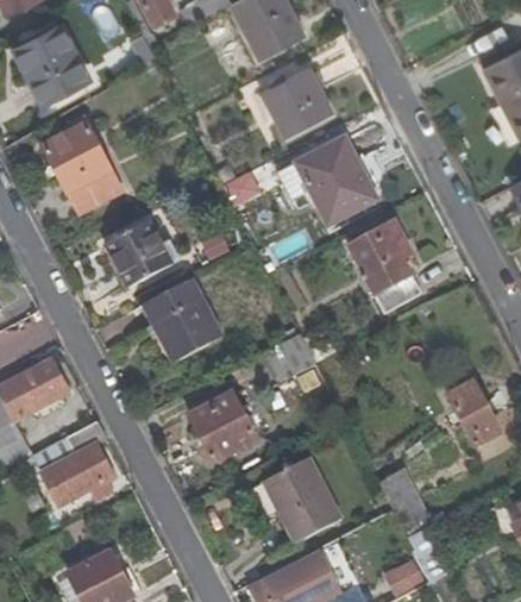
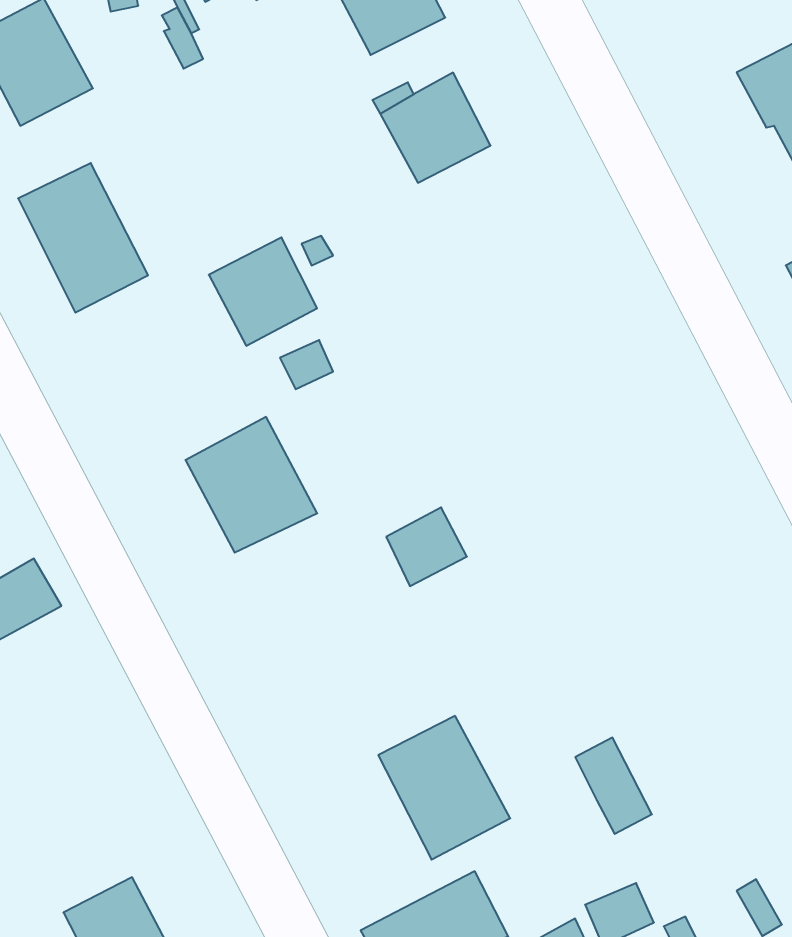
building: [296,137,376,222] -> none
building: [346,219,419,311] -> none
building: [105,221,170,287] -> [209,237,317,346]
building: [447,380,501,445] -> none
building: [192,393,258,460] -> none
building: [44,424,114,510] -> none

